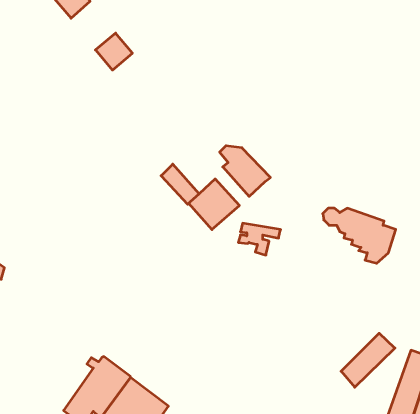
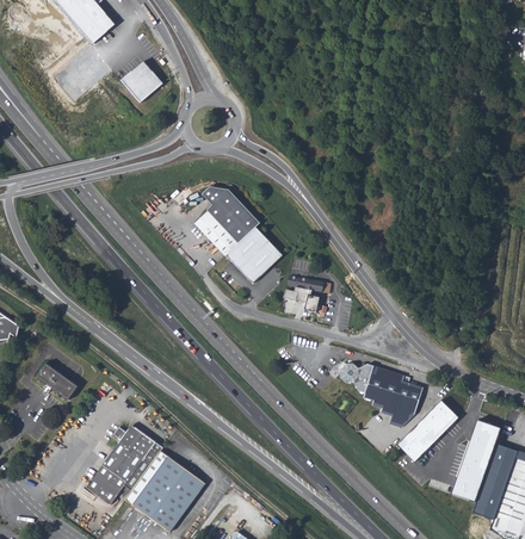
building: [220,146,270,196] -> [204,186,261,243]
building: [323,208,396,263] -> [342,364,425,426]
building: none -> [36,365,76,401]

